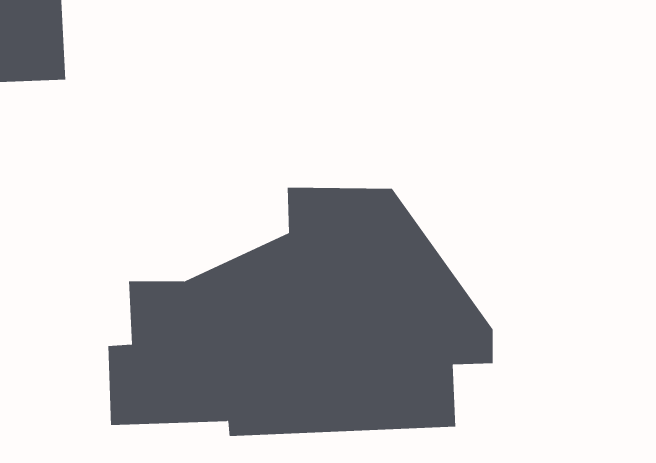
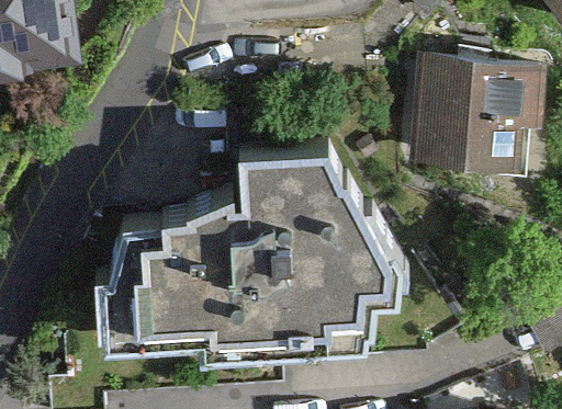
building: none -> [412,53,528,172]

